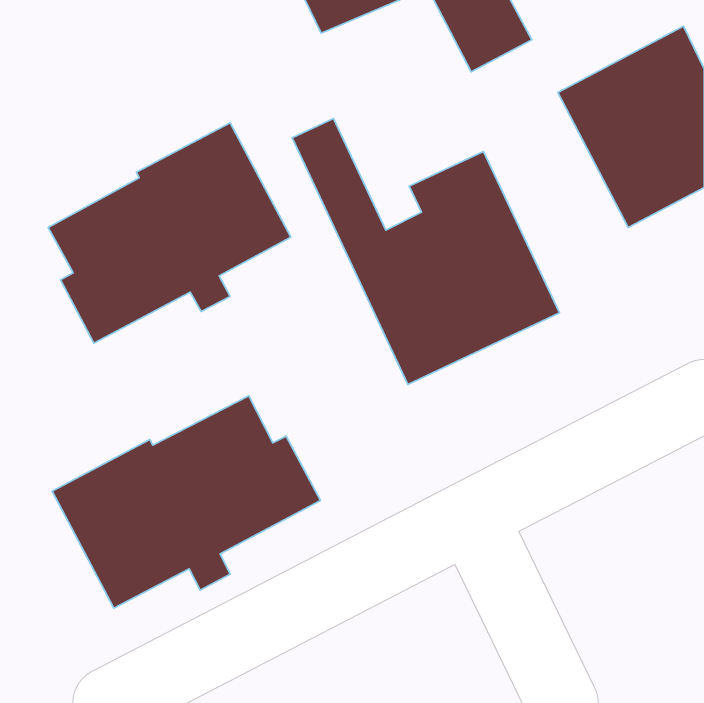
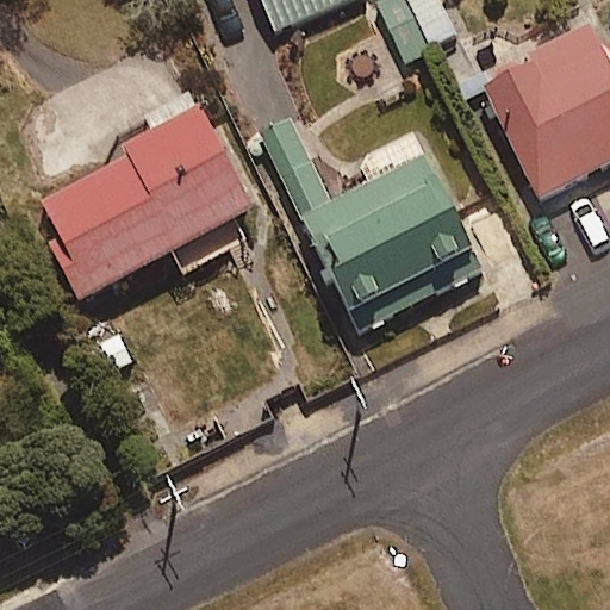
building: [52,396,321,608] -> none

